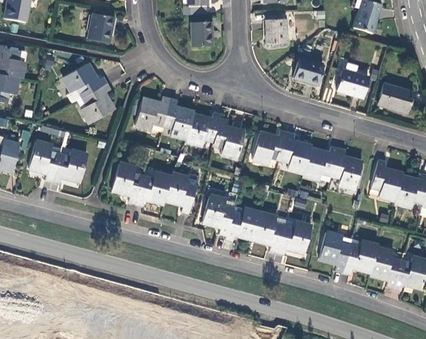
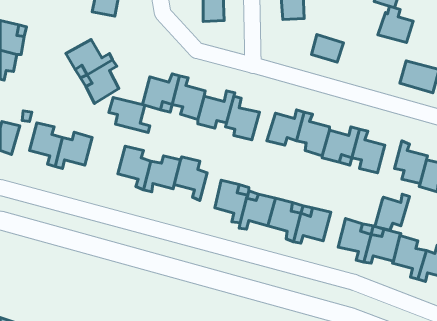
building: [336,63,369,97] -> [378,6,413,42]
building: none -> [109,97,150,133]
building: none -> [375,194,409,230]

